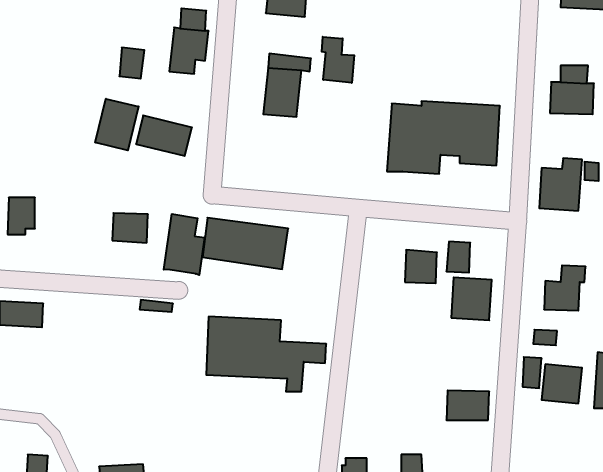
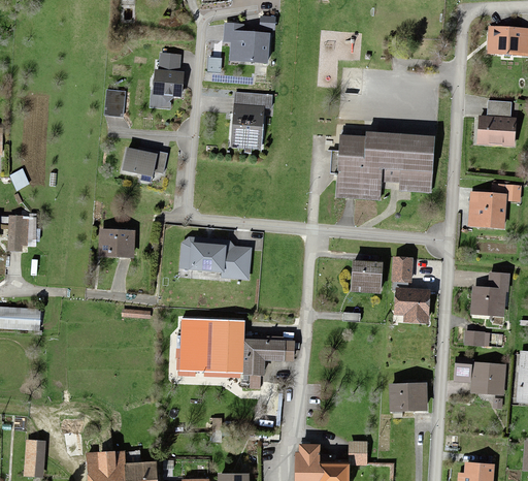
building: [322,37,354,83] -> none
building: [95,99,139,150] -> none
building: [164,214,204,275] -> none

